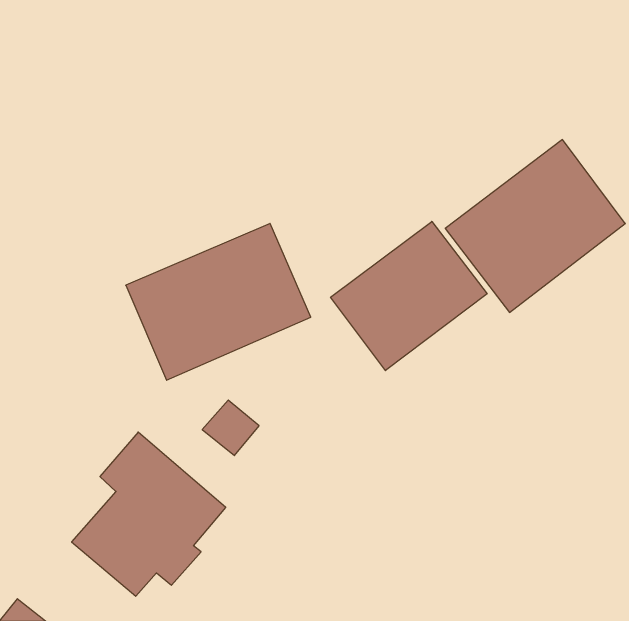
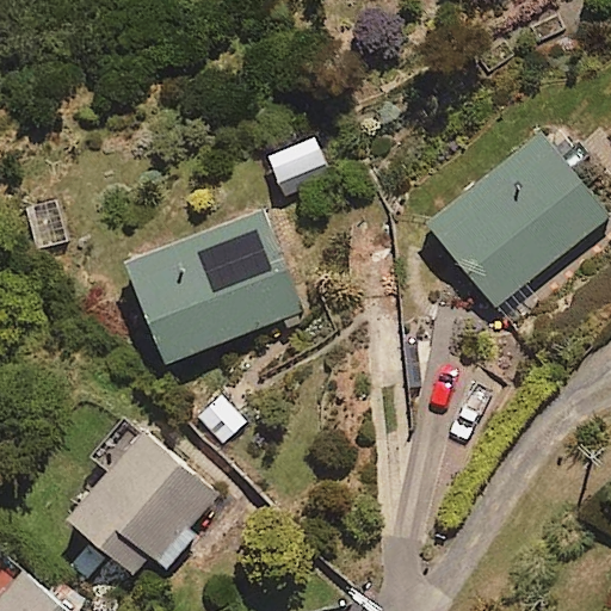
building: [331,221,487,371] -> none

